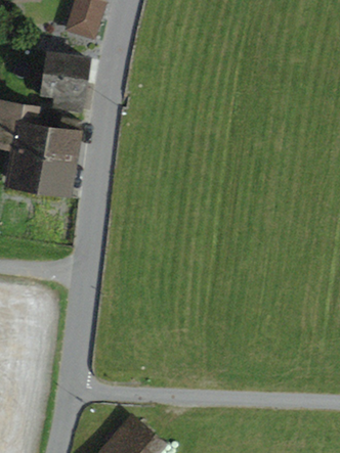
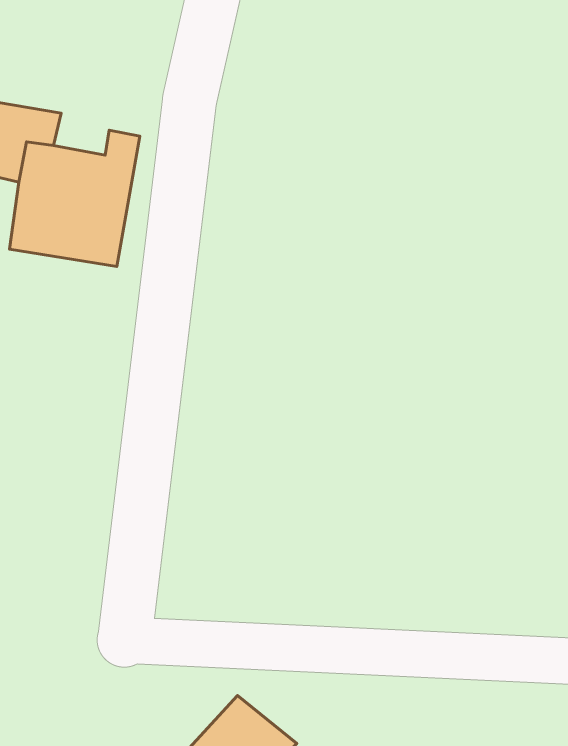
building: [44,53,88,110] -> none

